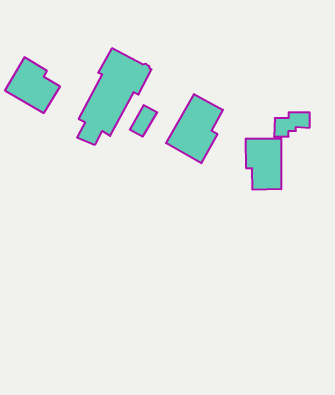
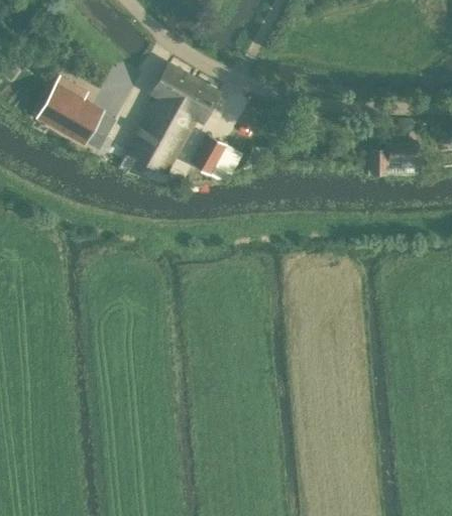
building: [166,94,223,163] -> none
building: [246,138,281,190] -> none

